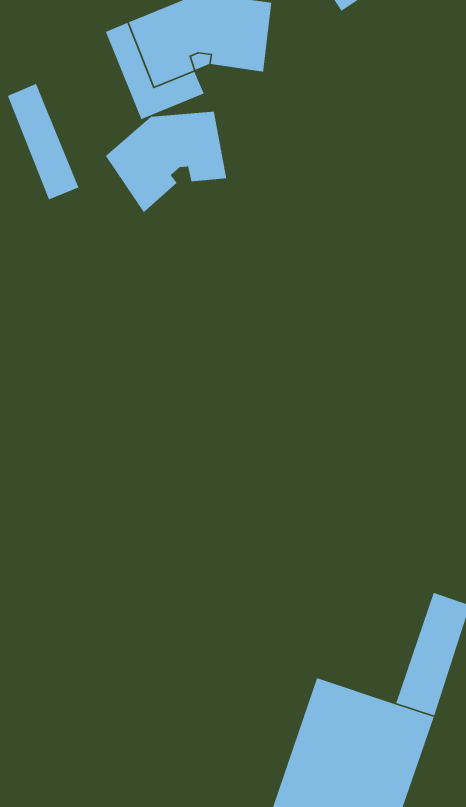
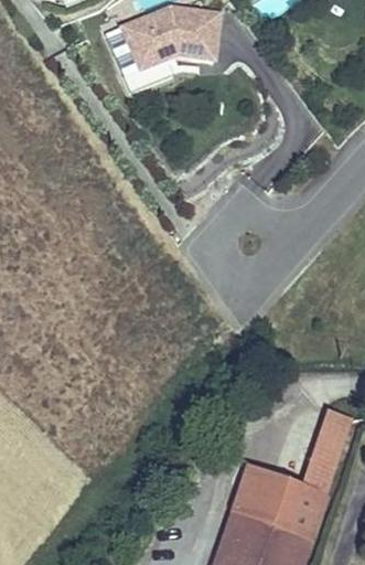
building: [7,83,80,200] -> none
building: [105,111,227,213] -> none

